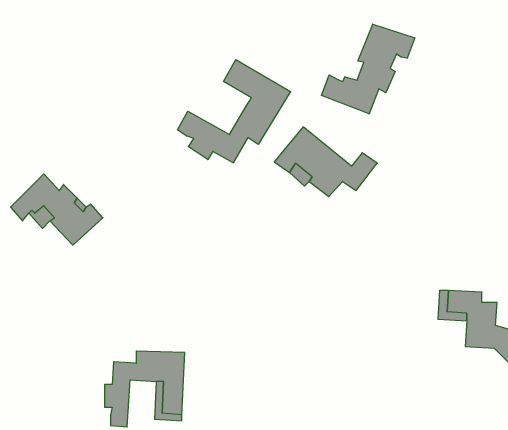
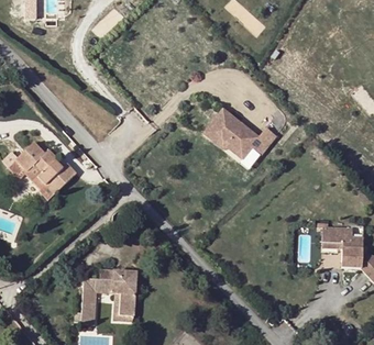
building: [322,24,415,114] -> none
building: [177,60,291,163] -> none

